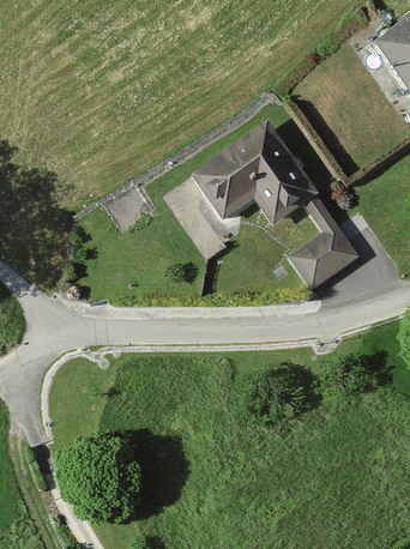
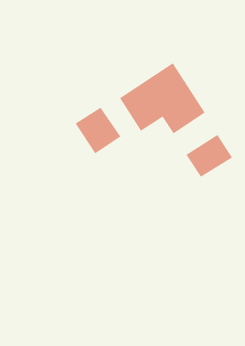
building: none -> [75,107,121,154]

